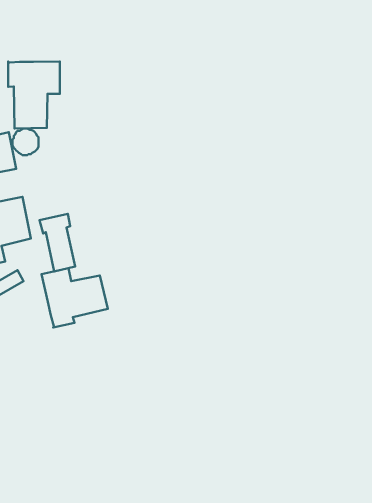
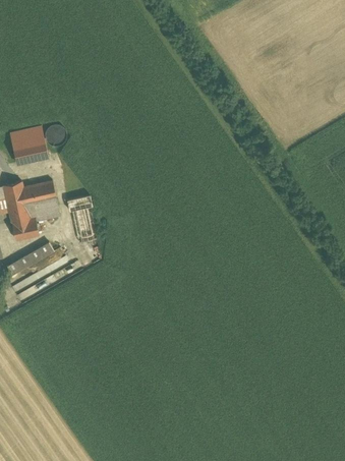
building: [8,61,60,129] -> none
building: [42,268,108,327] -> none

